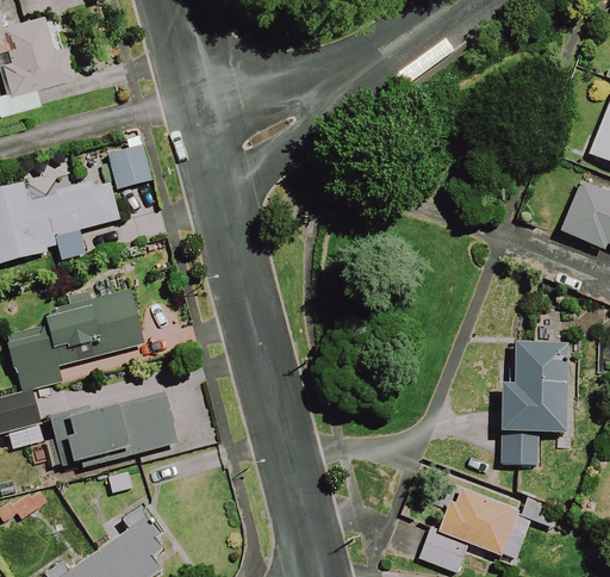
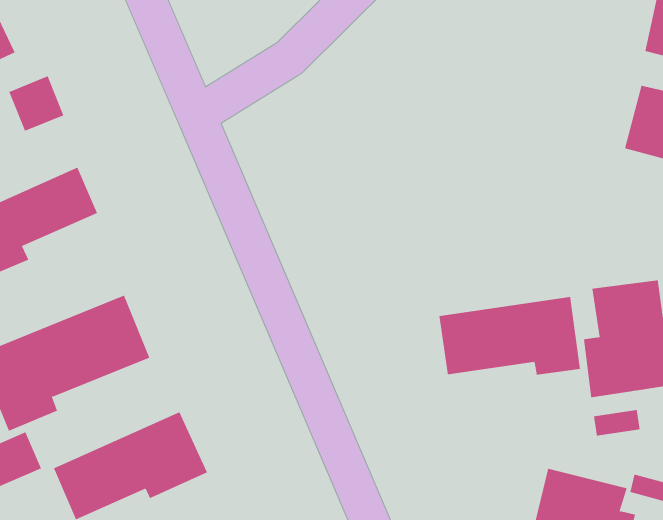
building: [108,145,151,188] -> [8,76,64,131]
building: none -> [439,296,581,375]

